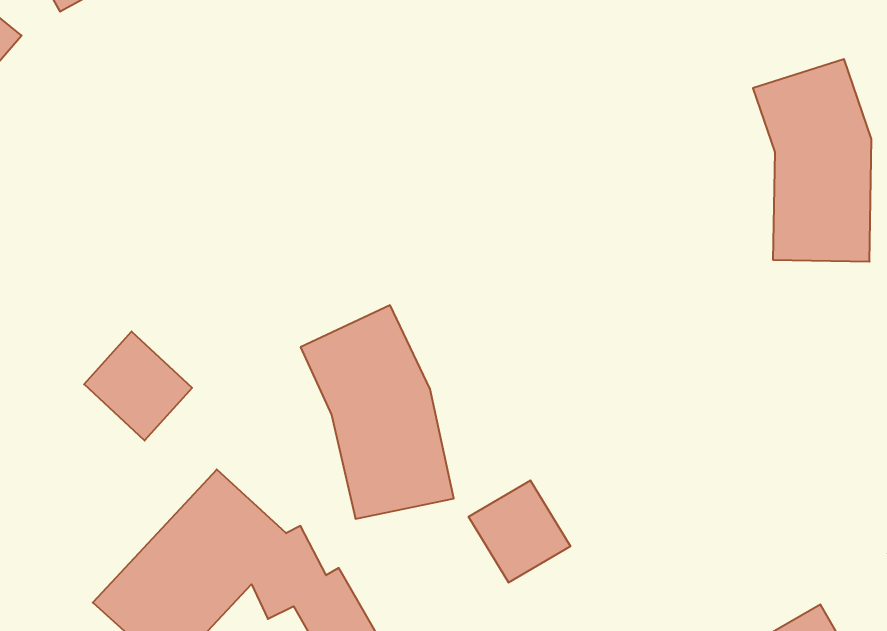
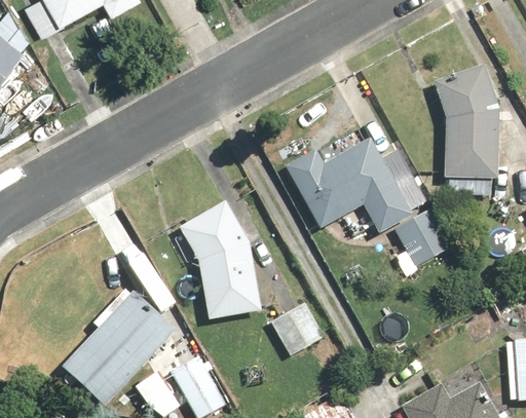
building: none -> [283,139,450,266]
building: [84,331,192,441] -> none

